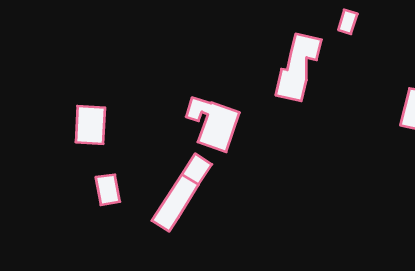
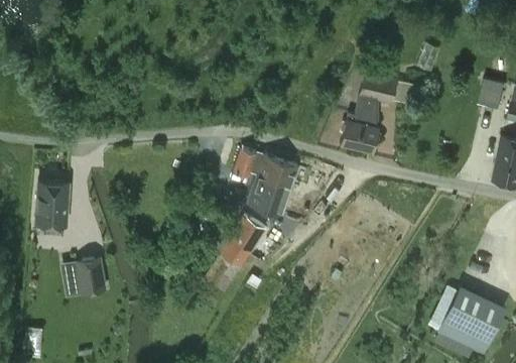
building: none -> [478,80,504,108]
building: [76,106,105,144] -> [33,180,69,226]
building: [96,175,120,205] -> [75,258,104,294]
building: none -> [438,286,504,352]

